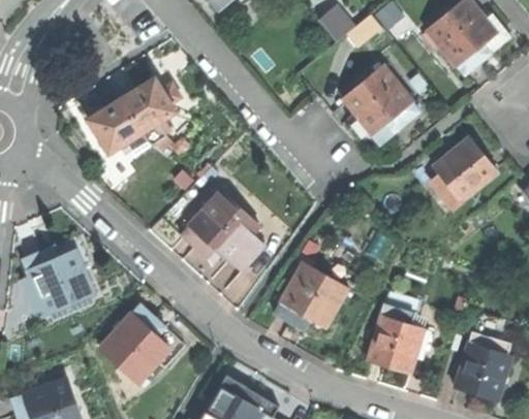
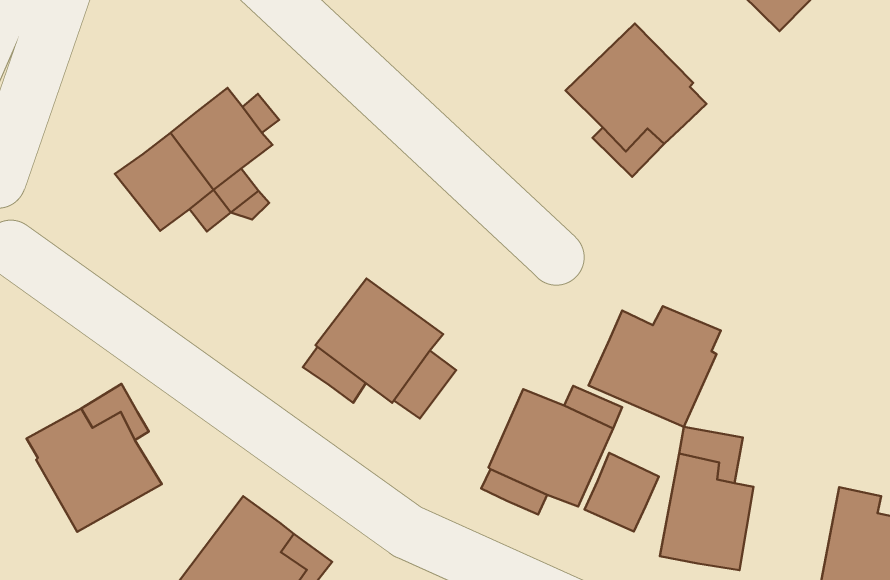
building: [431,137,496,207] -> none
building: none -> [588,306,721,427]
building: none -> [584,453,659,532]

